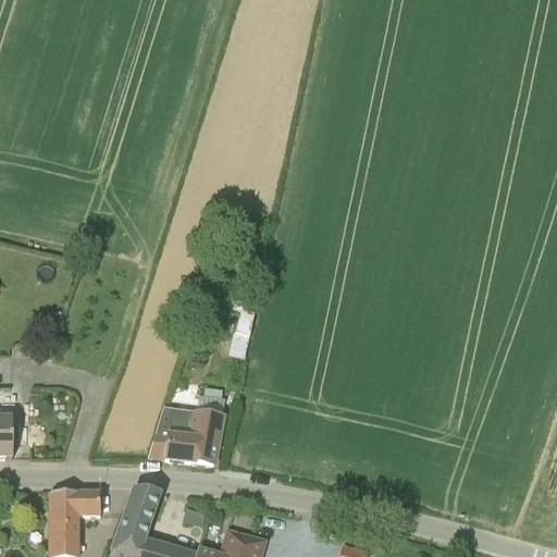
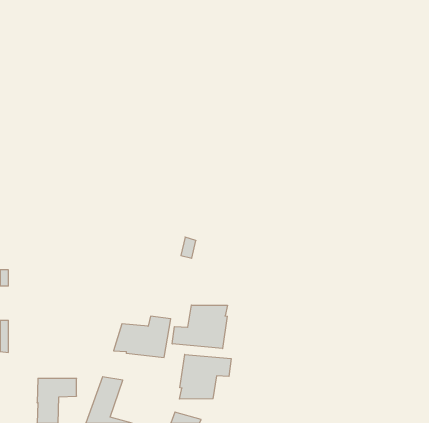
building: none -> [172,305,227,349]
building: none -> [180,354,231,399]

